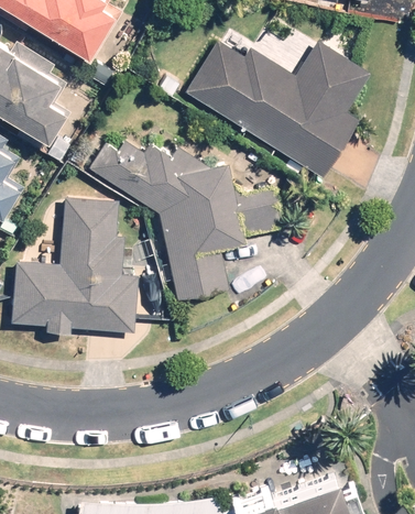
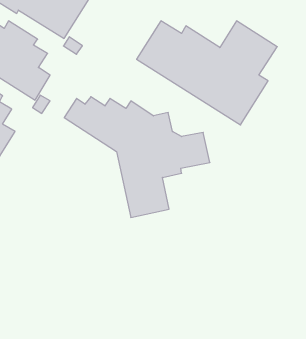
building: [11,198,139,335] -> none

